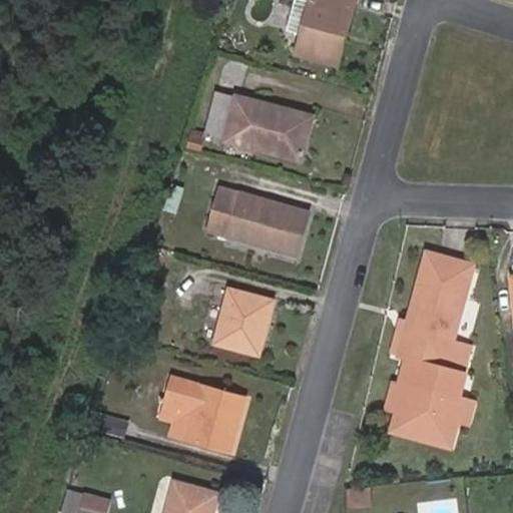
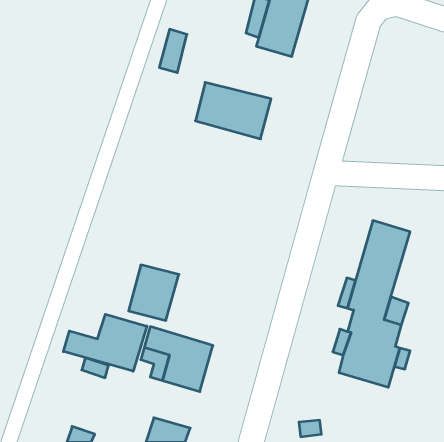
building: [204,89,236,139] -> [159,29,187,73]
building: [207,187,307,253] -> none
building: [216,290,275,354] -> [129,265,179,320]
building: none -> [63,314,147,371]

